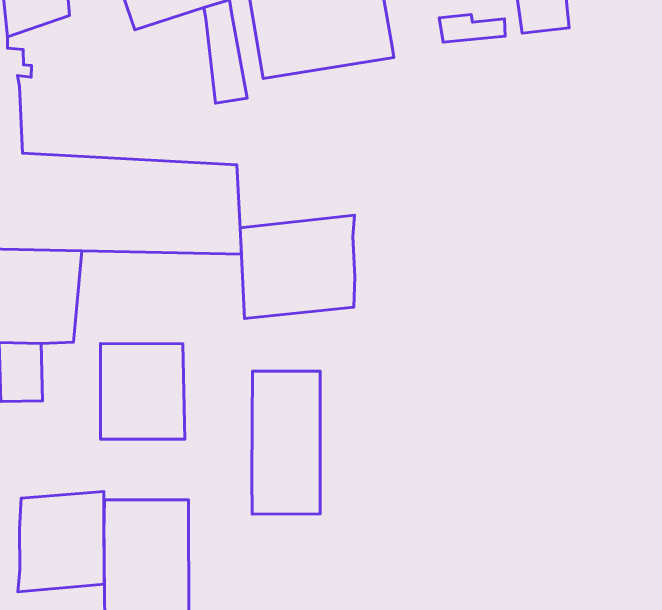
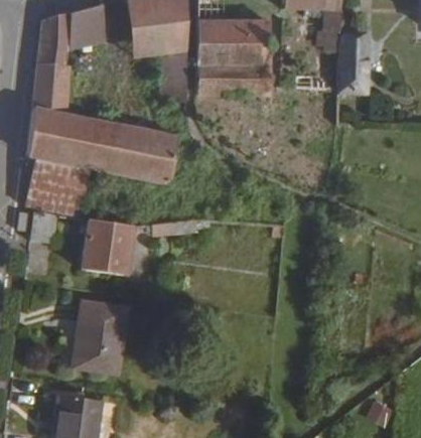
building: [240,215,355,319] -> none
building: [252,371,320,514] -> none
building: [18,492,104,592] -> none

